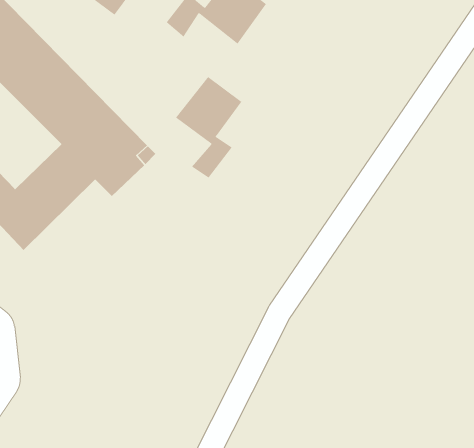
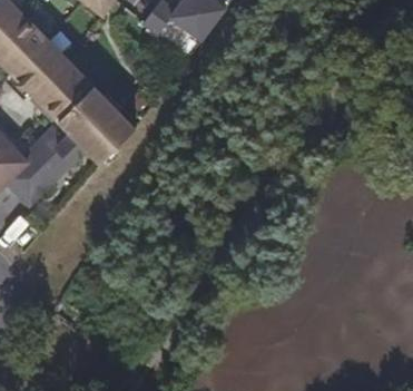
building: [175,76,242,179] -> none

